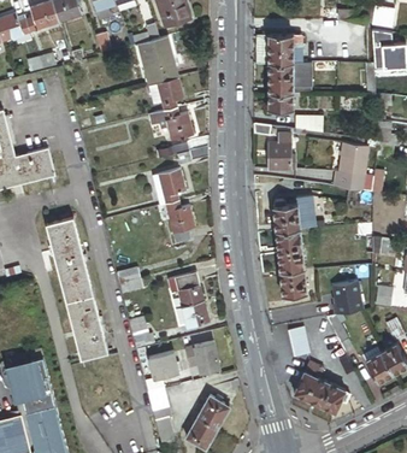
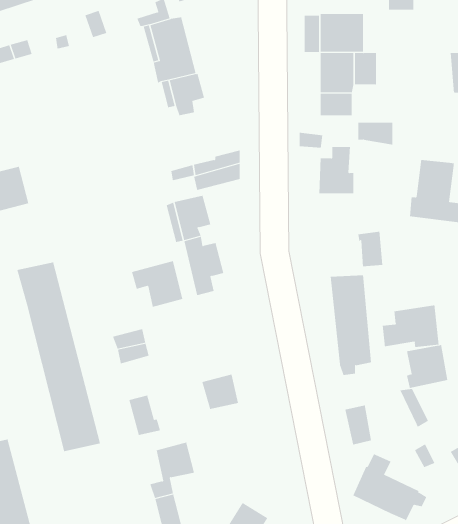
building: [149,107,193,139] -> none
building: [273,199,301,229] -> none
building: none -> [382,305,439,348]
building: [165,272,204,307] -> [131,260,183,307]
building: [183,342,217,375] -> none

